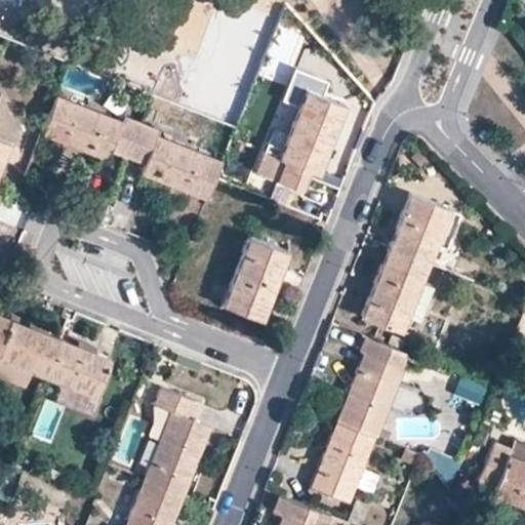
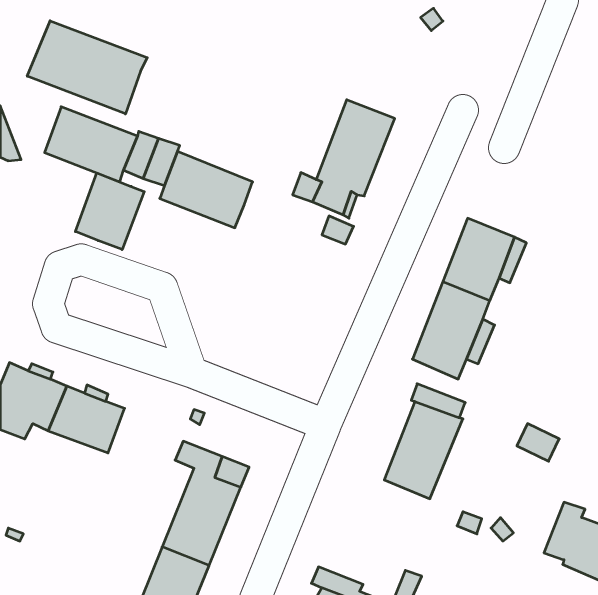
building: none -> [27,21,147,114]
building: none -> [75,173,144,250]
building: [223,239,289,323] -> none
building: [311,423,377,504] -> none

